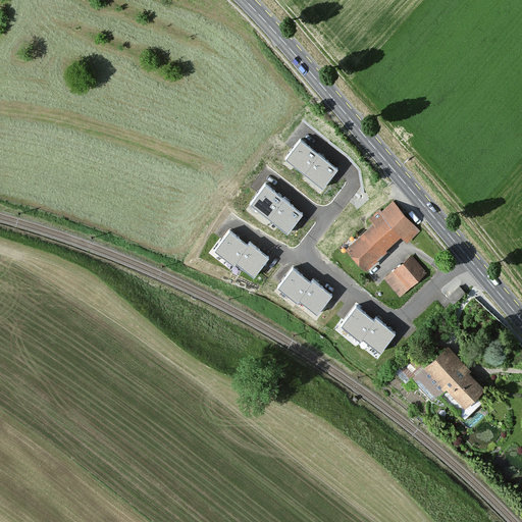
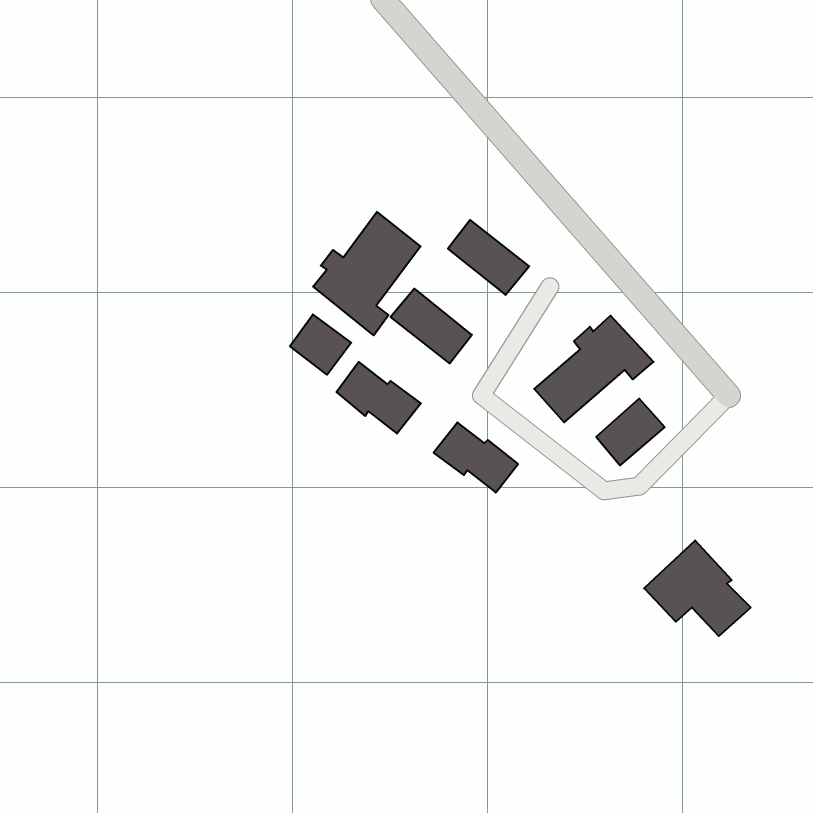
building: none -> [313,212,421,335]
building: none -> [290,314,351,375]
building: [343,307,397,353] -> none

